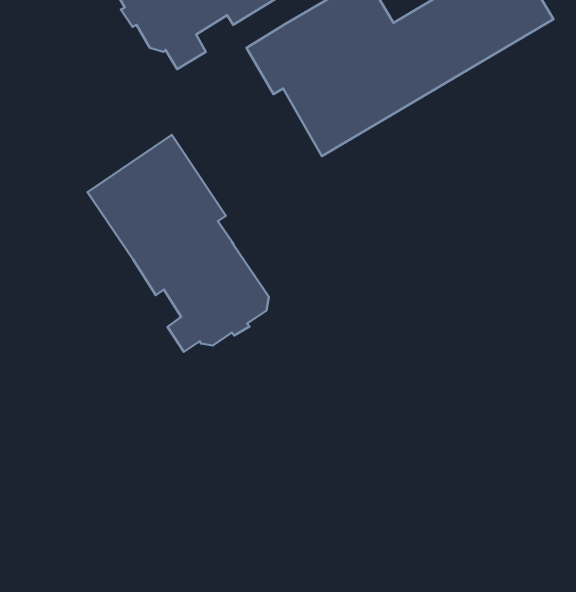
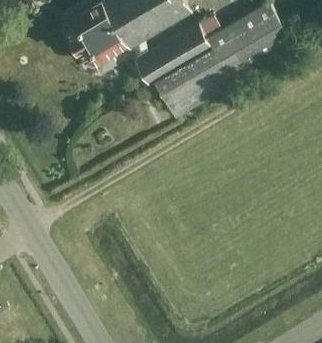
building: [88,135,269,352] -> none

